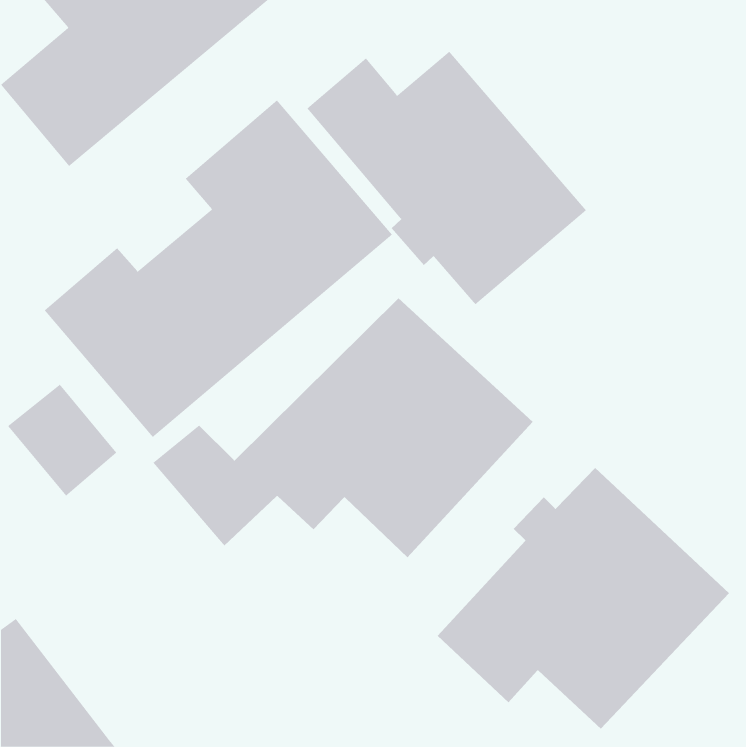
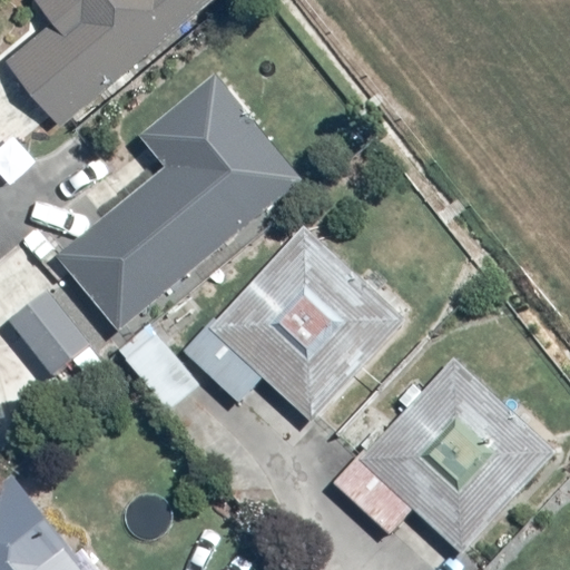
building: [306,51,587,305] -> none

